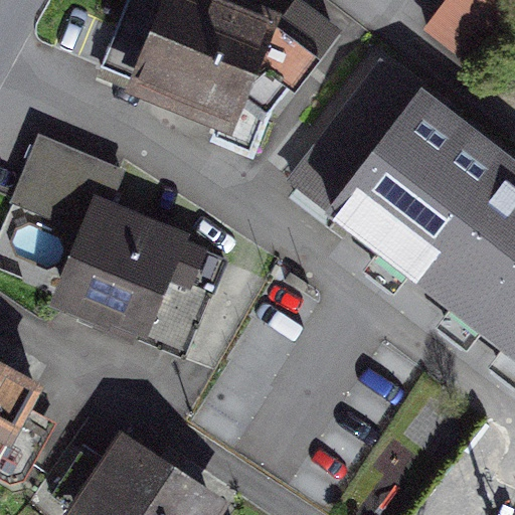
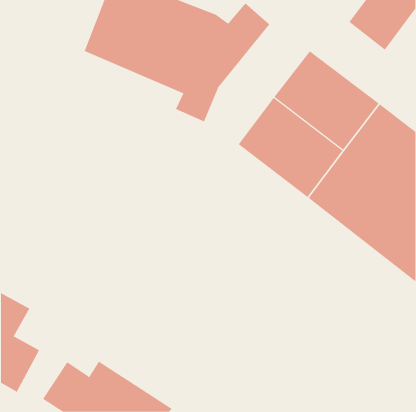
building: [17,137,227,356] -> none

